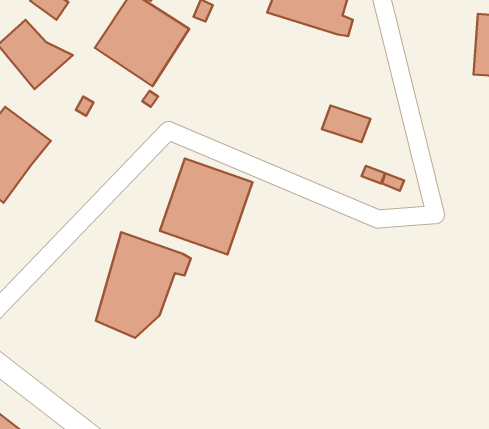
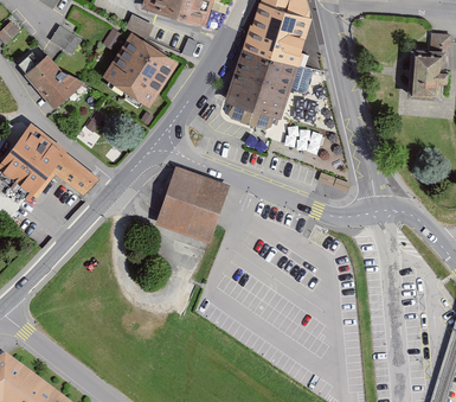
building: none -> [223,47,297,128]
building: none -> [51,151,98,193]
building: [96,232,191,338] -> none

